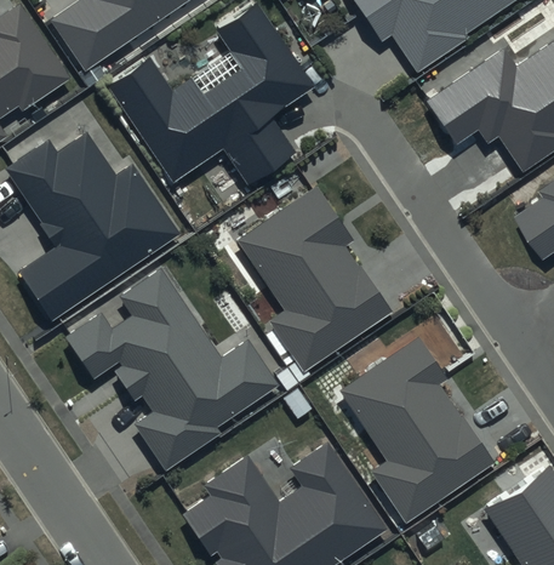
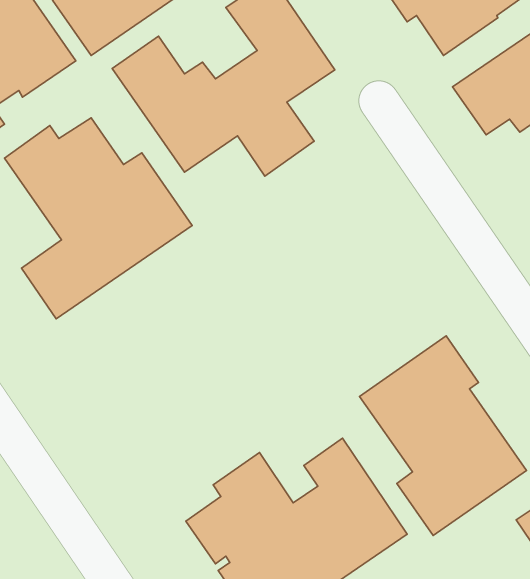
building: [236,184,390,369] -> none
building: [65,269,280,470] -> none

